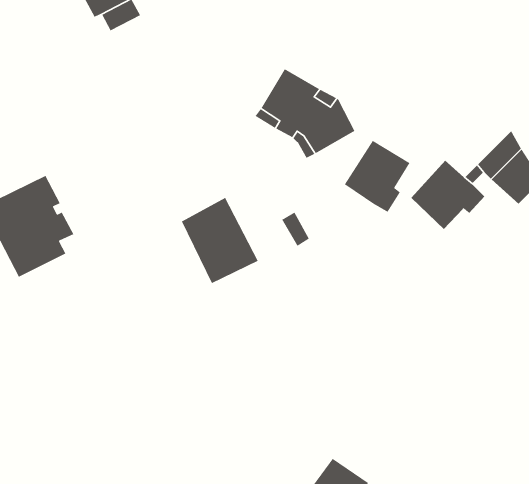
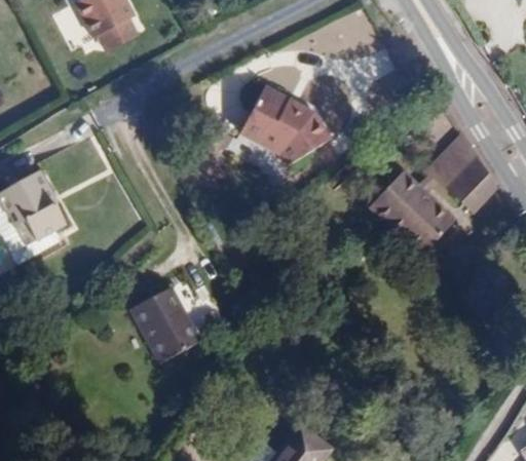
building: [344,140,411,213] -> none
building: none -> [403,196,456,245]
building: [181,197,259,284] -> [135,290,204,368]

